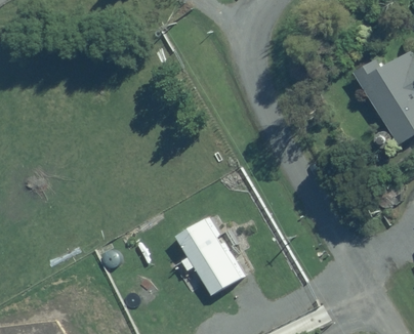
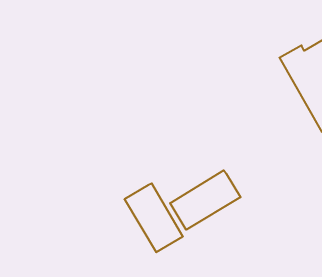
building: none -> [170,170,241,230]

